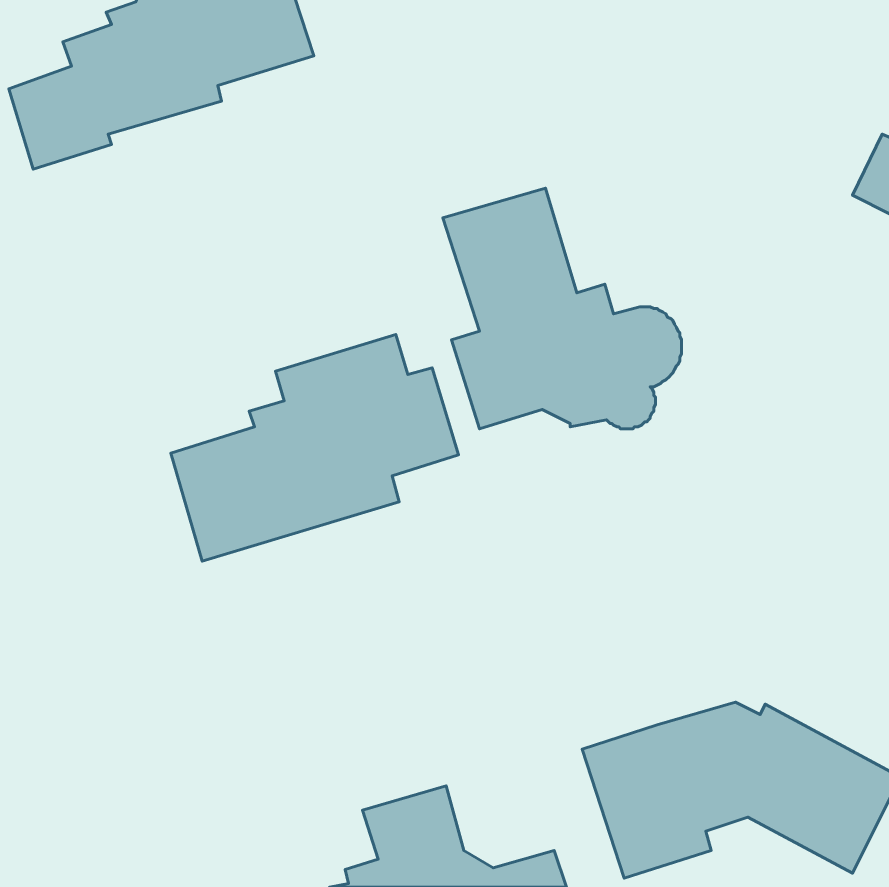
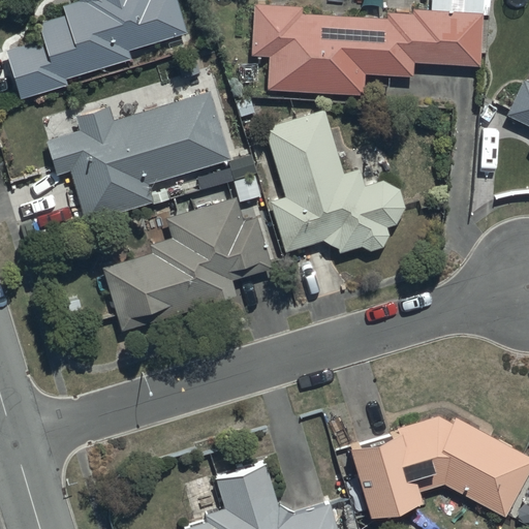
building: none -> [252,6,481,95]
building: none -> [46,91,230,223]

